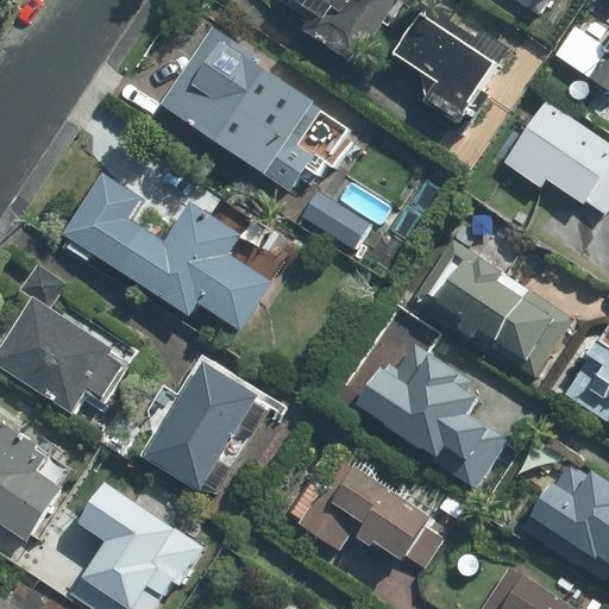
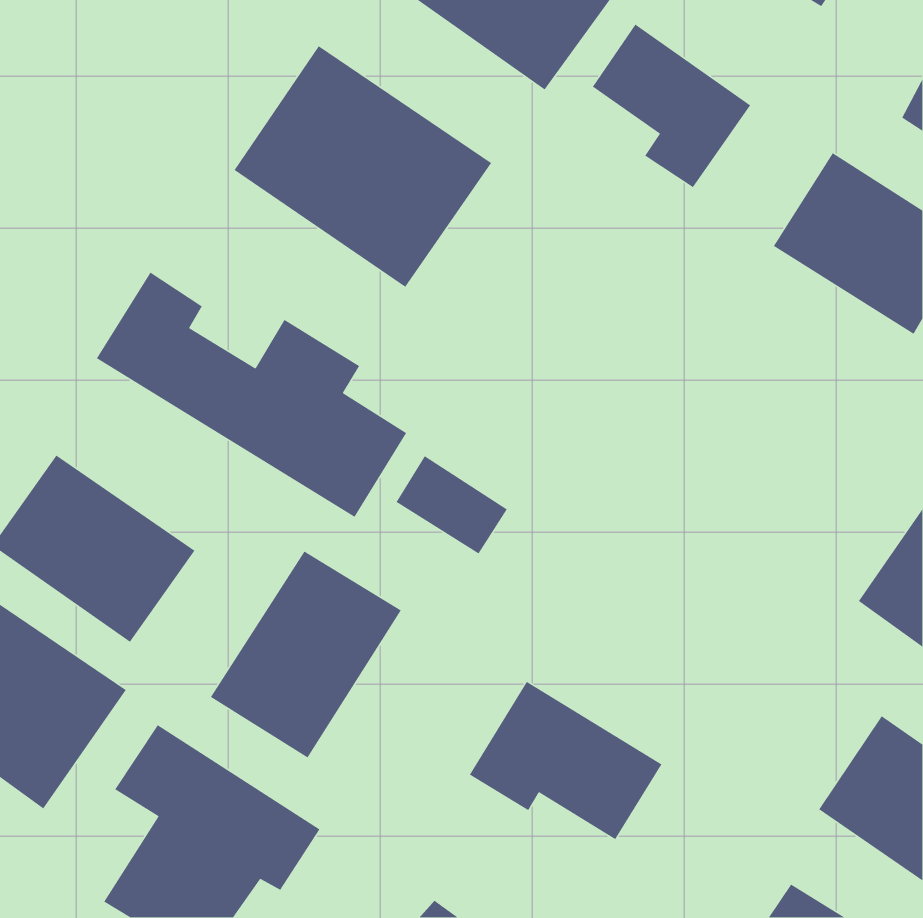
building: [297,187,371,252] -> [396,455,508,555]
building: [420,241,579,375] -> none
building: [366,349,506,491] -> none

